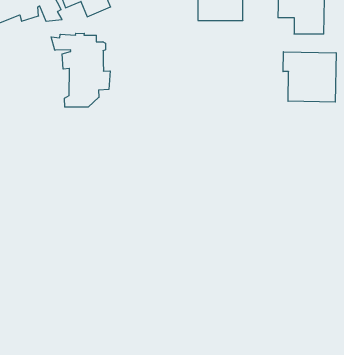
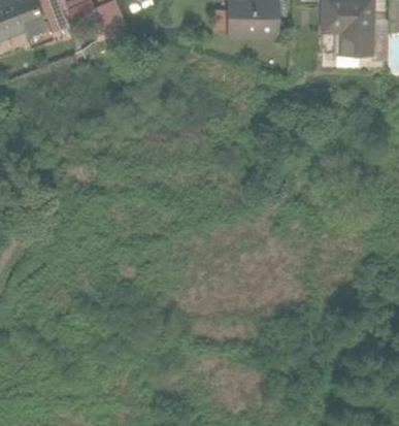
building: [51,33,110,107] -> none
building: [283,52,336,102] -> none

